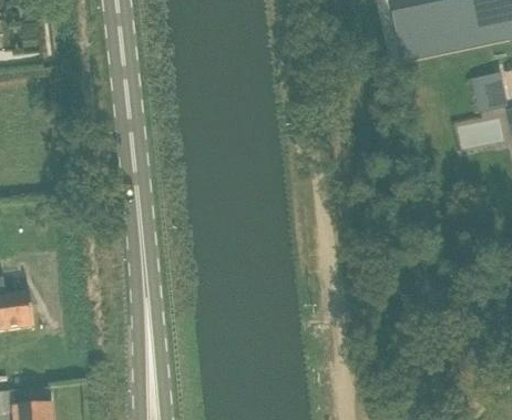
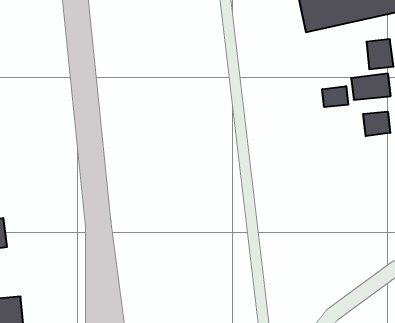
building: none -> [322,86,348,107]
building: none -> [363,112,390,136]

